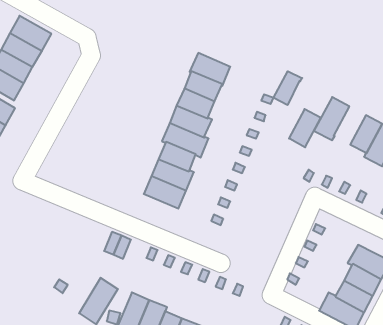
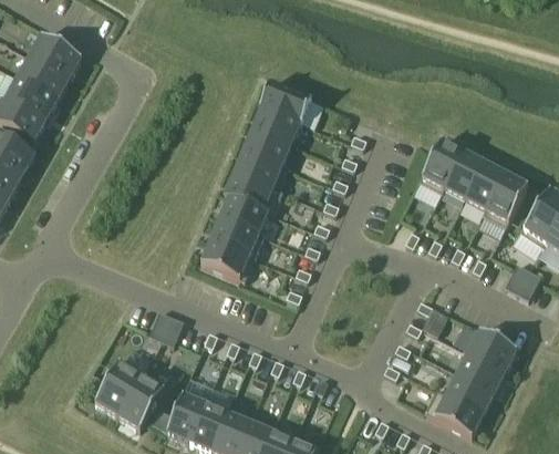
building: [273,71,302,105] -> none
building: [289,109,321,147] -> [443,149,484,198]
building: none -> [94,355,144,414]

